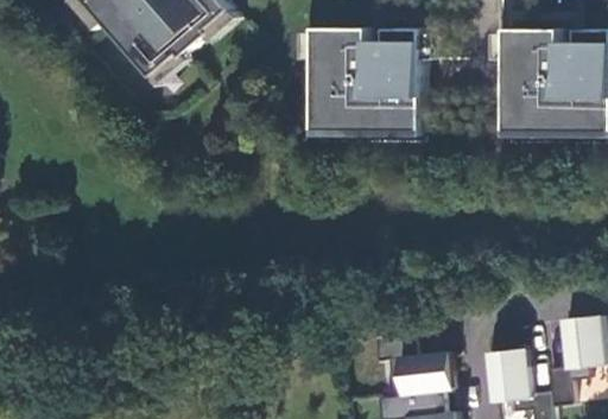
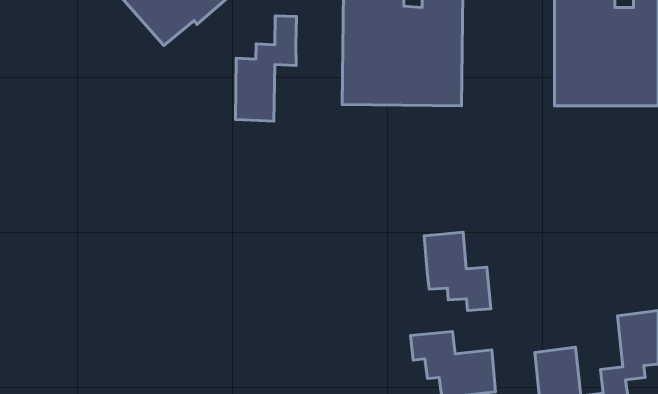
building: none -> [235,16,296,121]
building: none -> [424,232,491,311]

